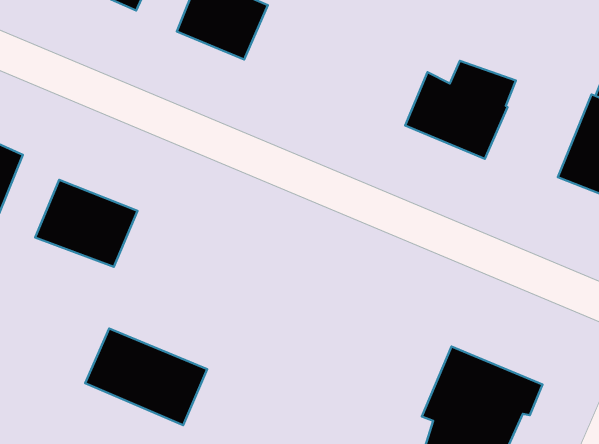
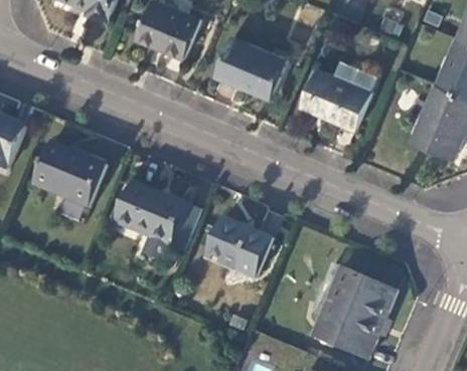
building: none -> [214,36,286,99]
building: none -> [206,219,271,277]
building: [85,329,207,425] -> [117,183,204,252]

